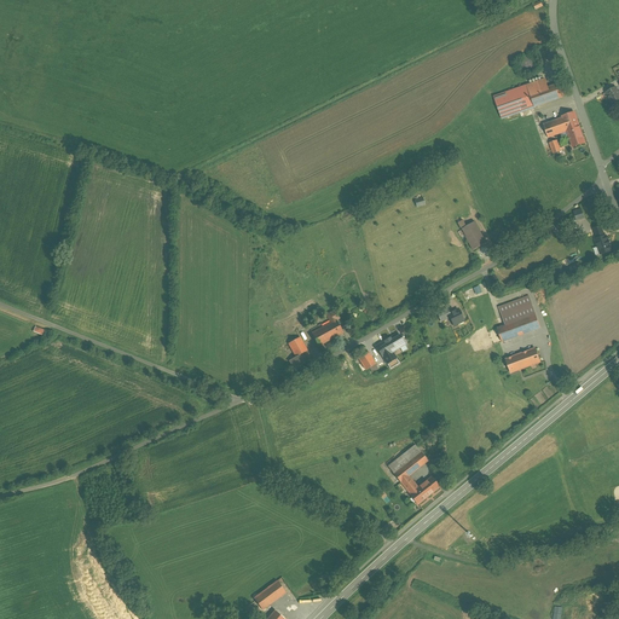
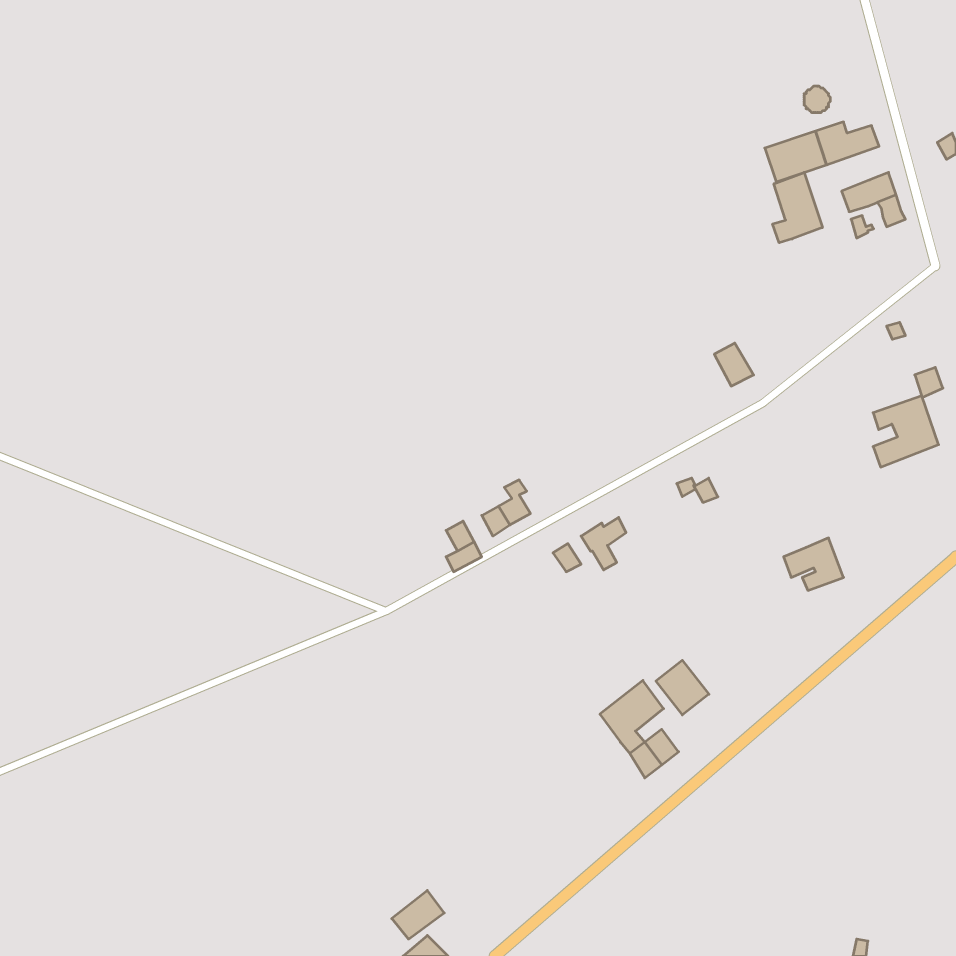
building: none -> [773,172,822,243]
building: [497,295,539,341] -> [873,396,939,467]
building: none -> [656,660,709,715]

